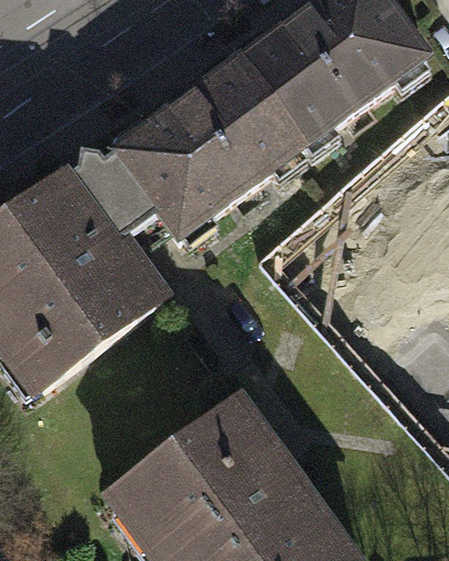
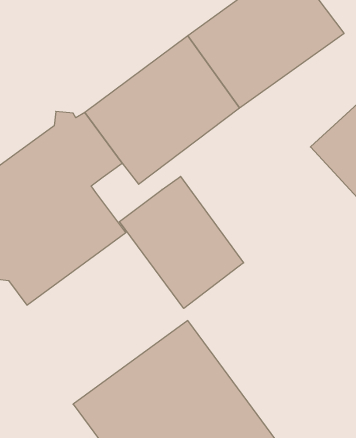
building: none -> [119,176,244,308]

